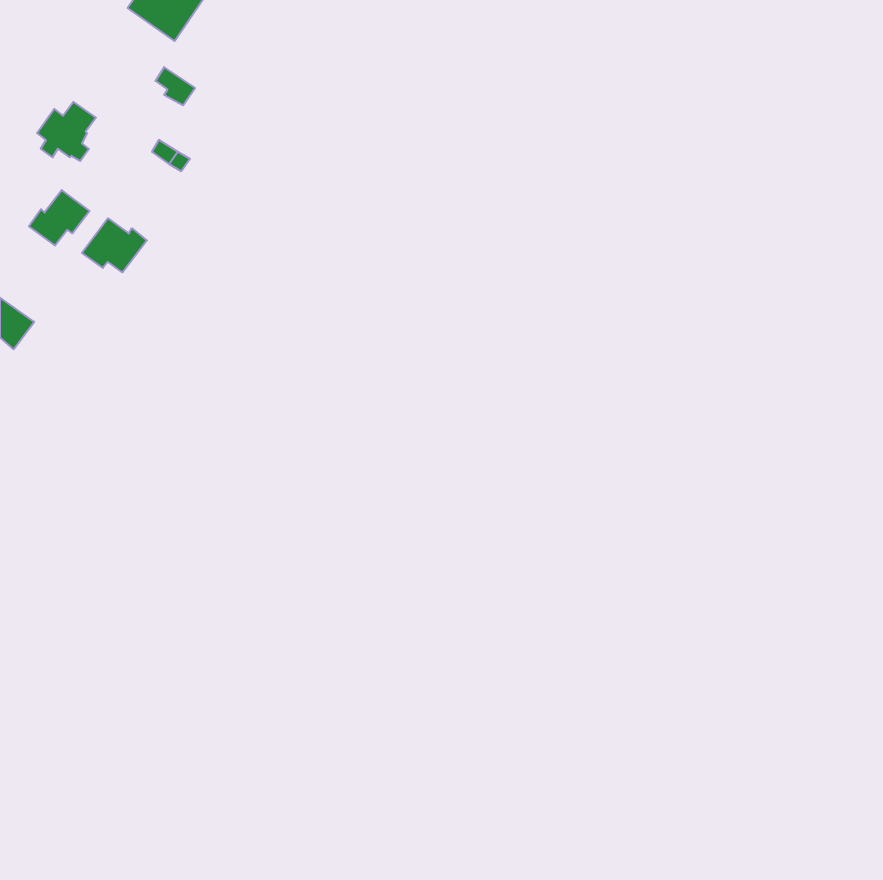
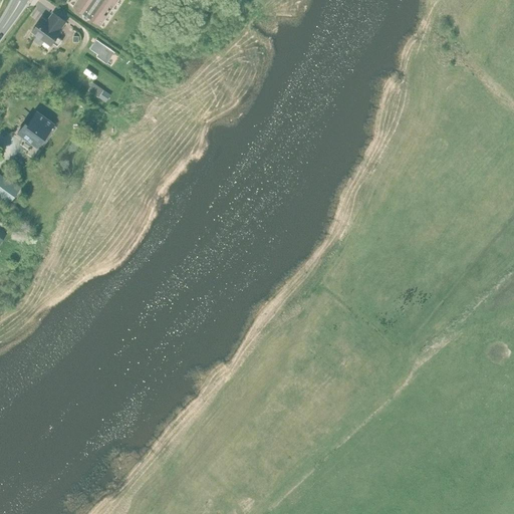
building: [37,102,96,161] -> [31,13,65,47]
building: [82,218,147,272] -> none

